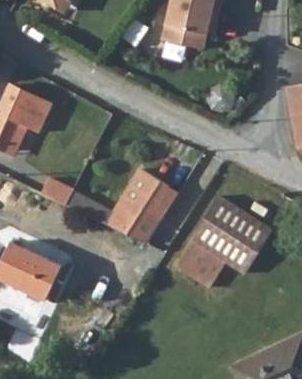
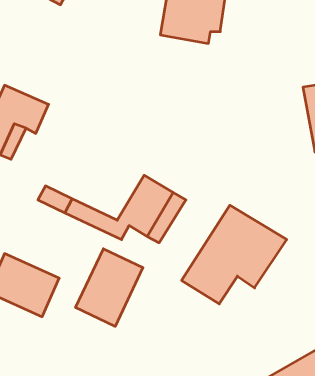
building: none -> [76,249,143,326]

